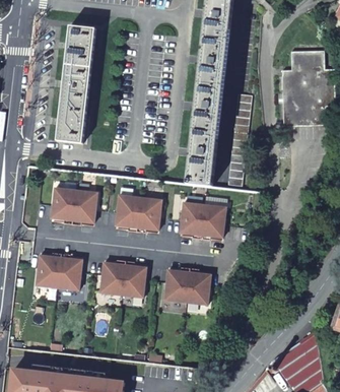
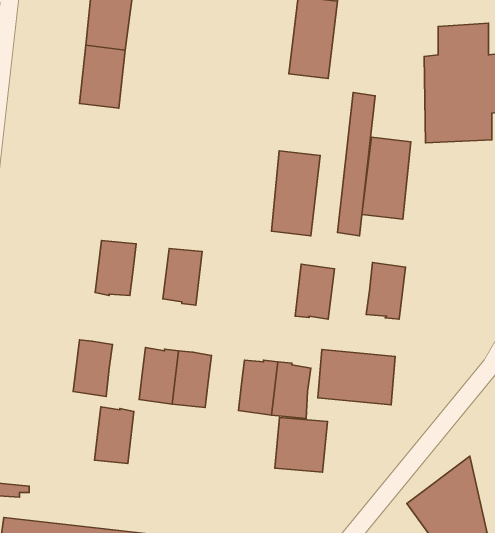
building: [190,82,221,135] -> [362,137,411,219]
building: [56,102,86,142] -> none
building: [50,187,75,223] -> none
building: [136,197,161,233] -> none
building: [179,202,204,239] -> [366,263,406,319]
building: [36,251,61,287] -> [95,407,134,463]
building: none -> [318,350,395,405]
building: none -> [275,417,327,472]

